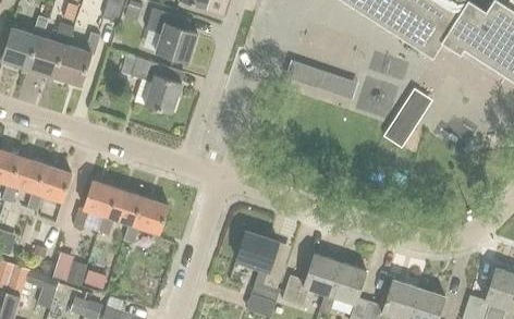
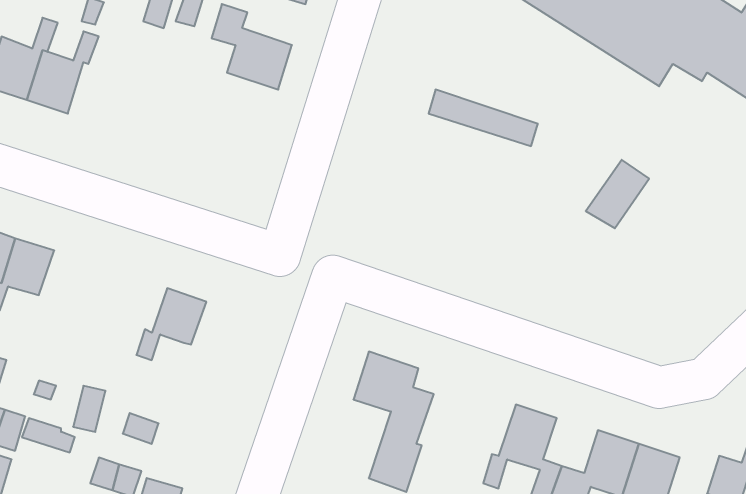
building: [54,33,100,84] -> none
building: [122,51,181,112] -> none
building: [26,163,71,210] -> none
building: [73,179,118,225] -> none
building: [123,196,168,242] -> none
building: [282,253,340,306] -> none

